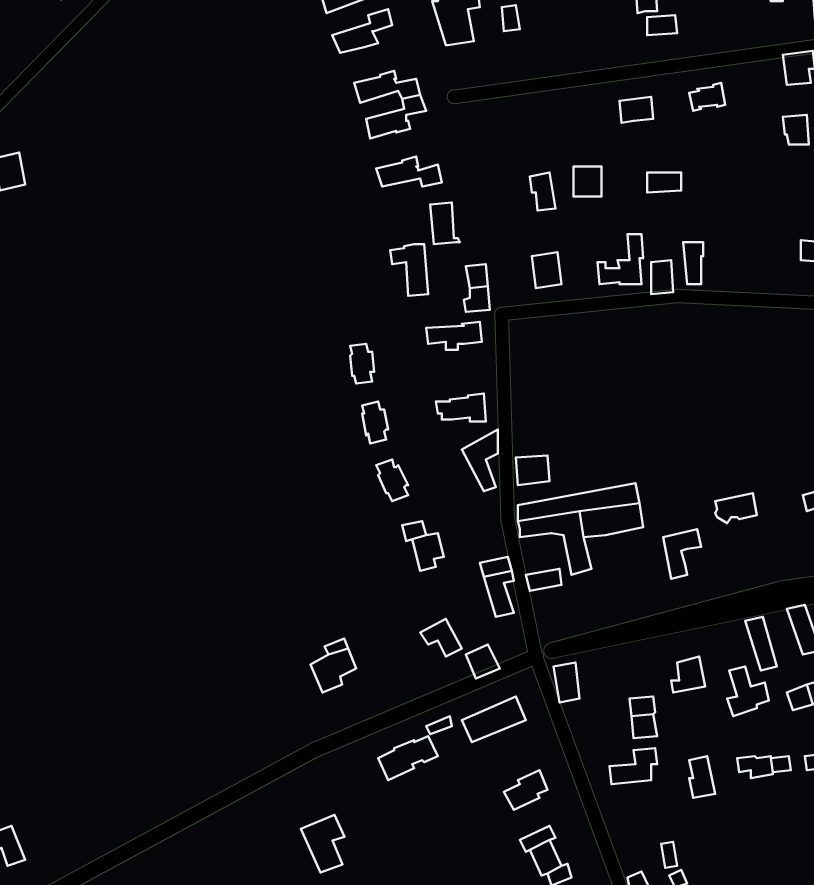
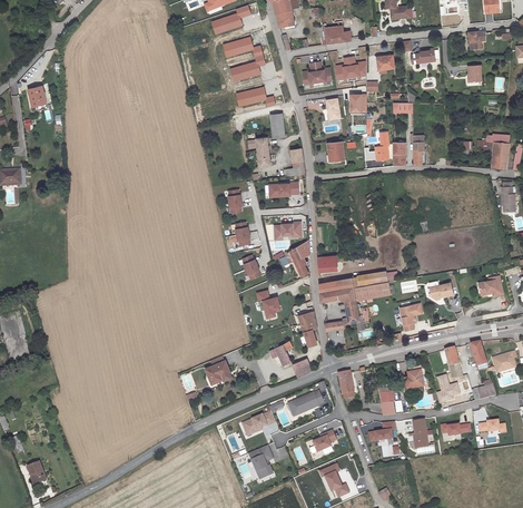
building: none -> [323,20,352,43]
building: none -> [336,53,365,78]
building: none -> [302,61,332,86]
building: [301,815,345,873] -> [247,448,272,480]

